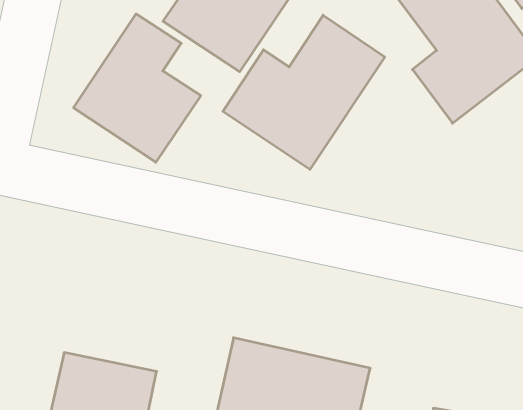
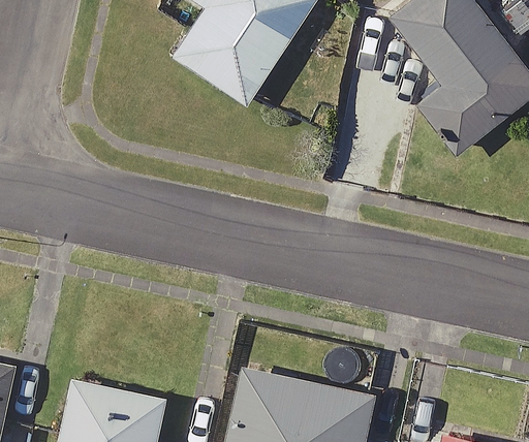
building: [74,14,201,162] -> none
building: [223,15,385,169] -> none

